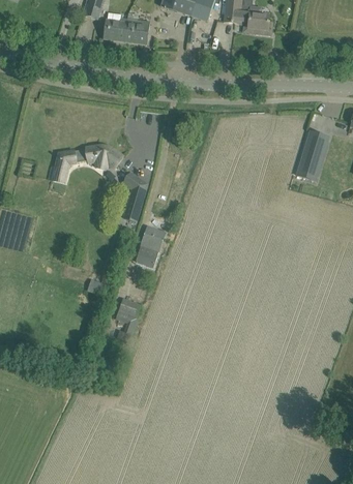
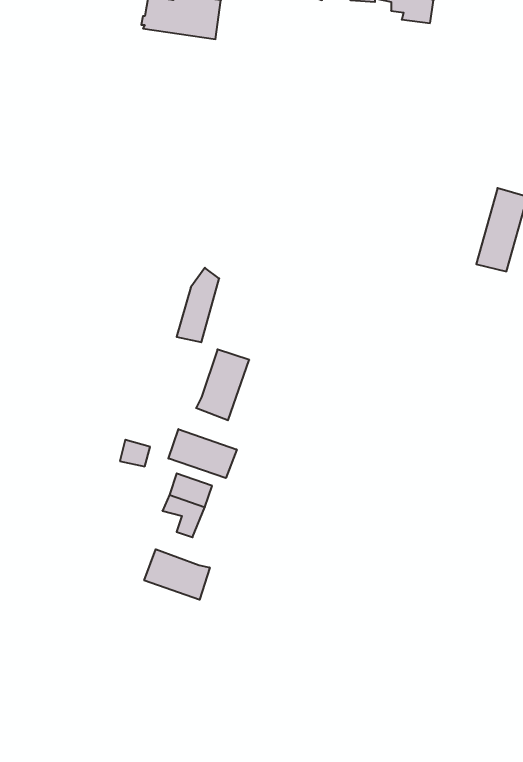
building: [48,144,122,182] -> none
building: none -> [168,429,237,478]
building: none -> [144,549,210,600]

